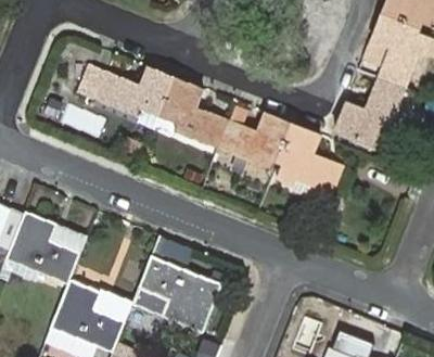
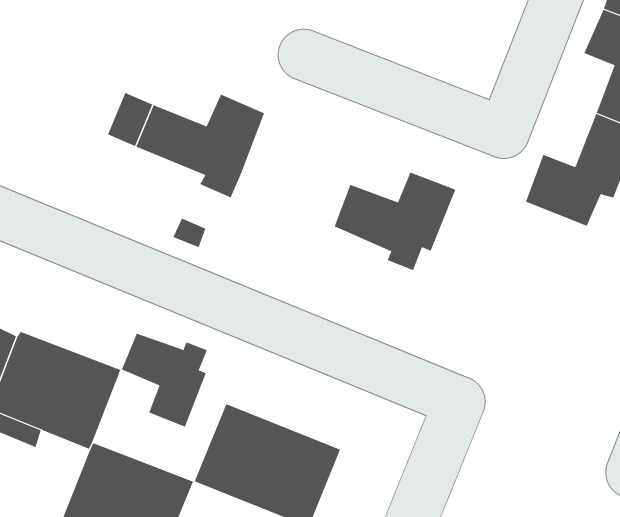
building: [161,77,227,146] -> none
building: [277,124,343,205] -> none
building: none -> [121,333,208,428]

